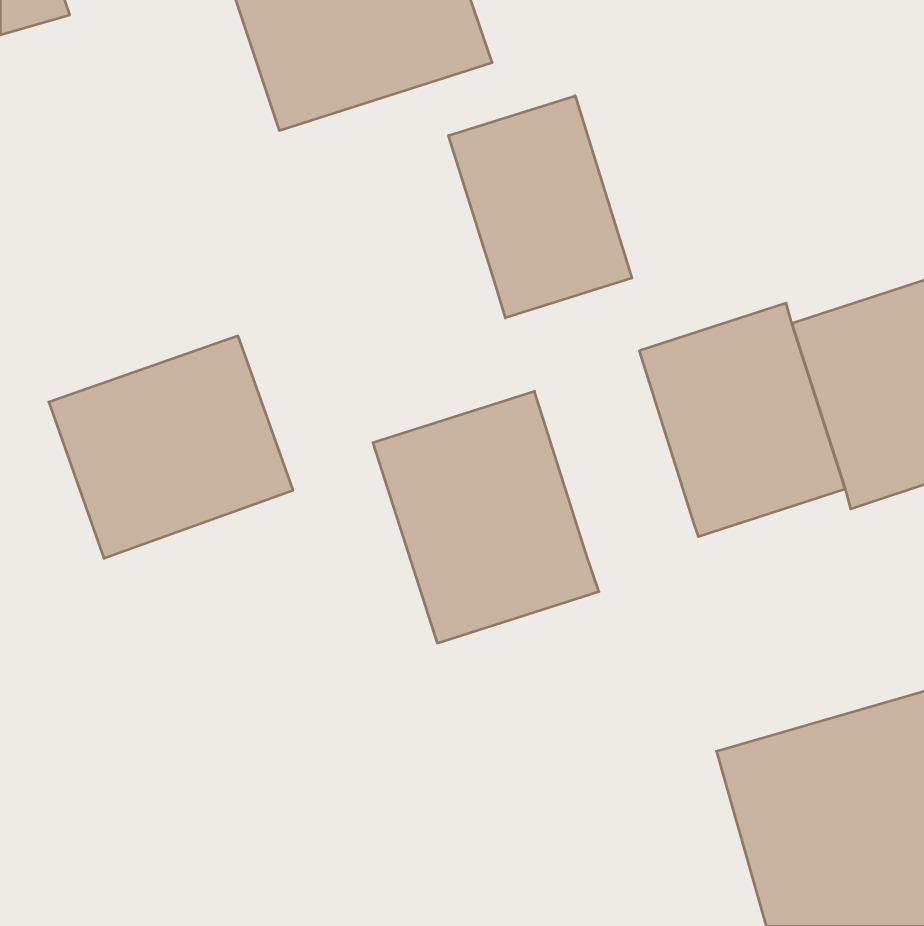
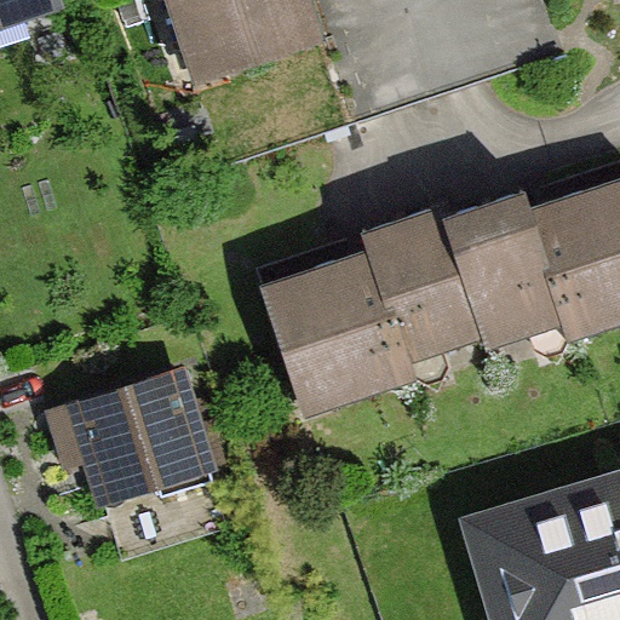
building: [449,96,632,318] -> none
building: none -> [357,218,466,364]
building: [49,336,293,558] -> [54,363,216,510]

